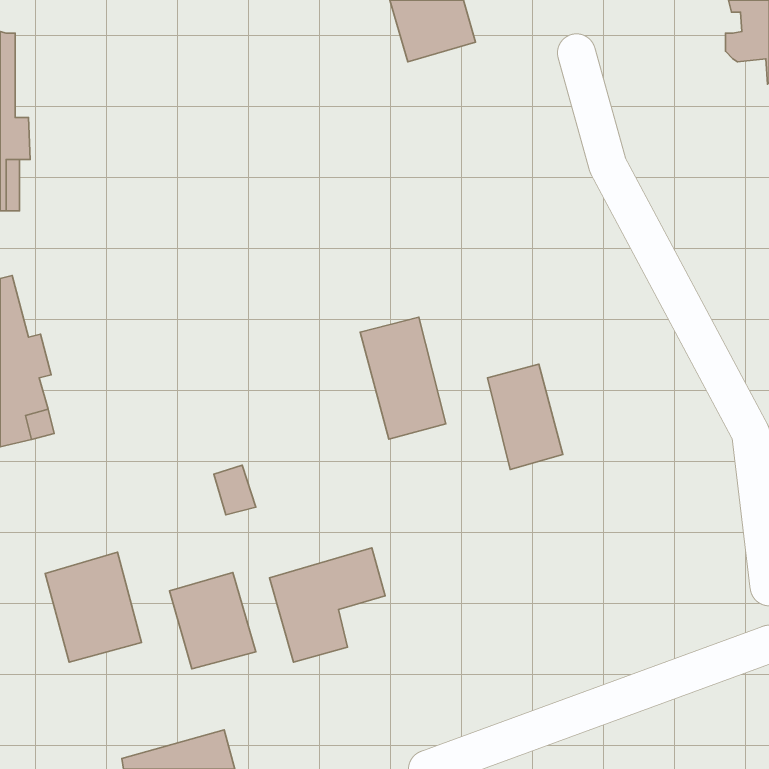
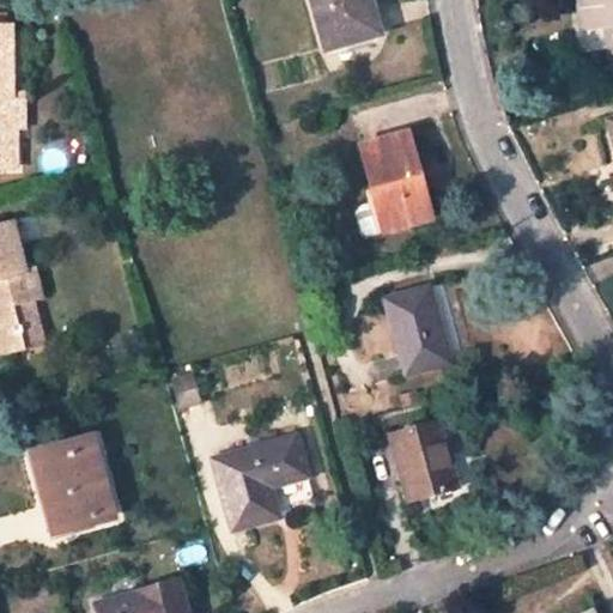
building: [360,317,446,439] -> [360,134,429,231]
building: none -> [390,424,456,500]
building: [169,573,256,669] -> none

